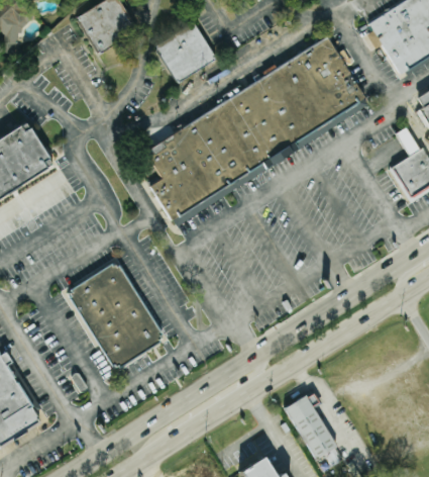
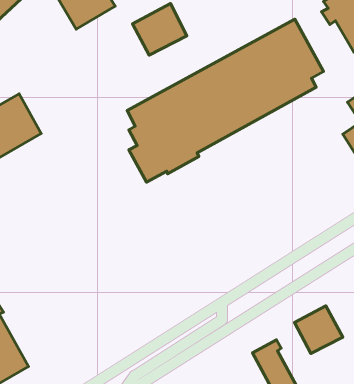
building: [68,260,164,368] -> none
building: none -> [295,306,343,353]

